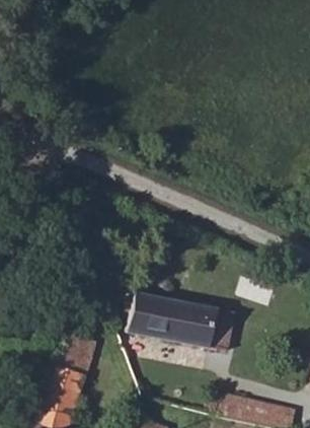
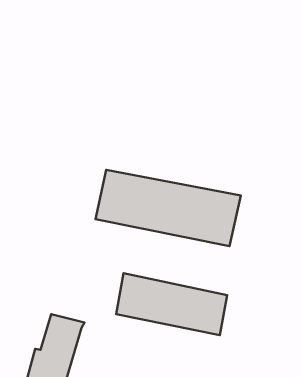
building: none -> [95,170,241,246]

